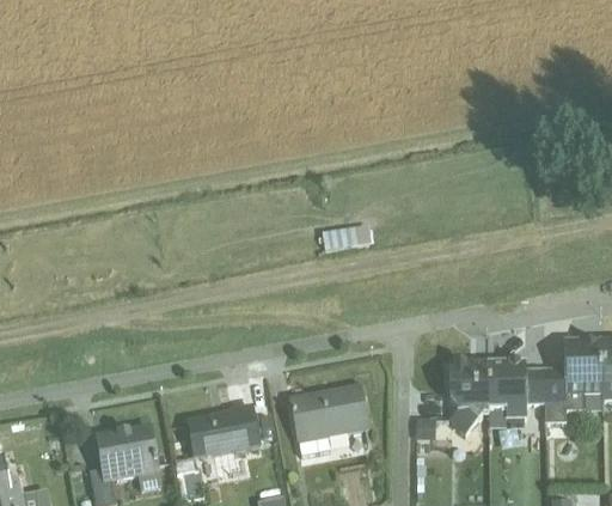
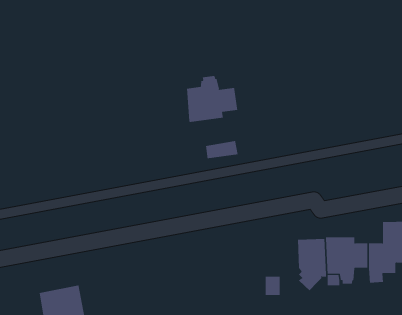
building: none -> [186,75,238,123]
building: [290,386,368,457] -> none
building: [186,404,262,461] -> none

